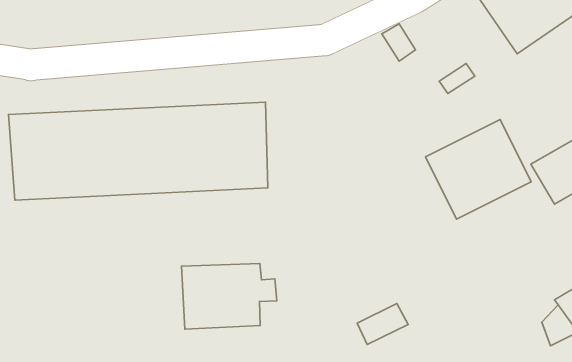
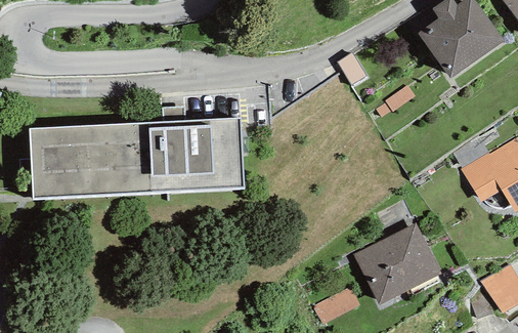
building: [426,120,531,219] -> [353,222,440,304]
building: [182,264,277,329] -> none

